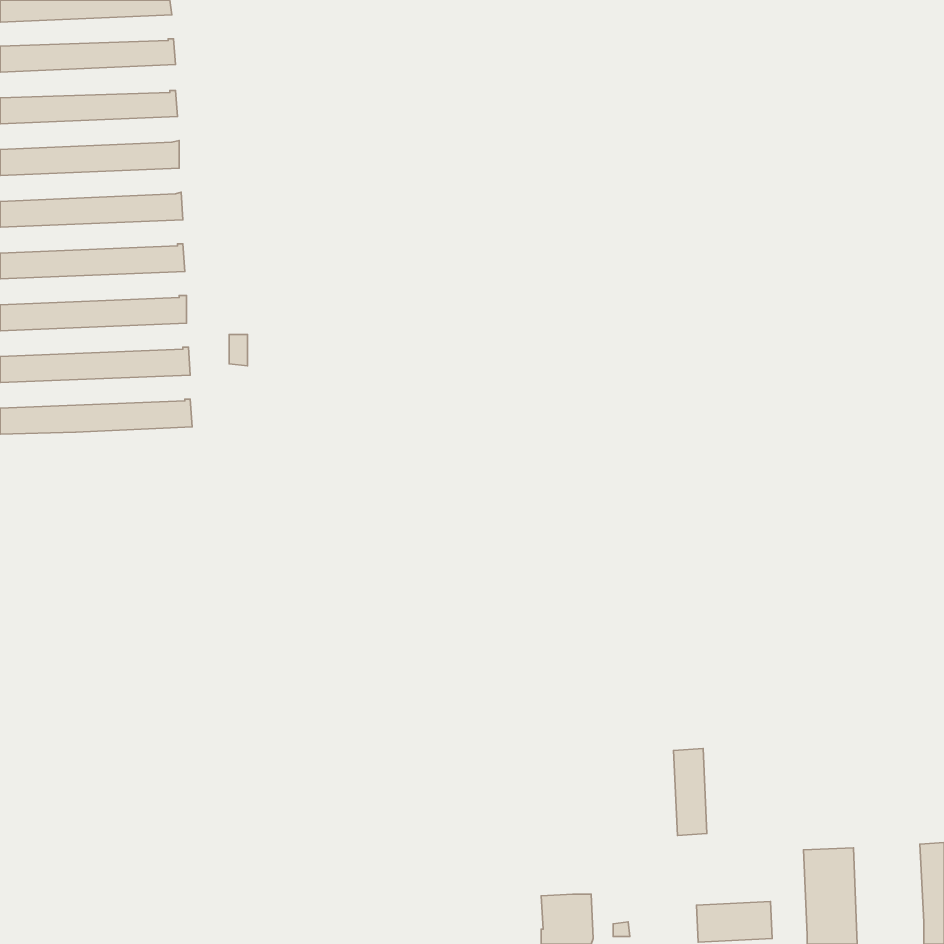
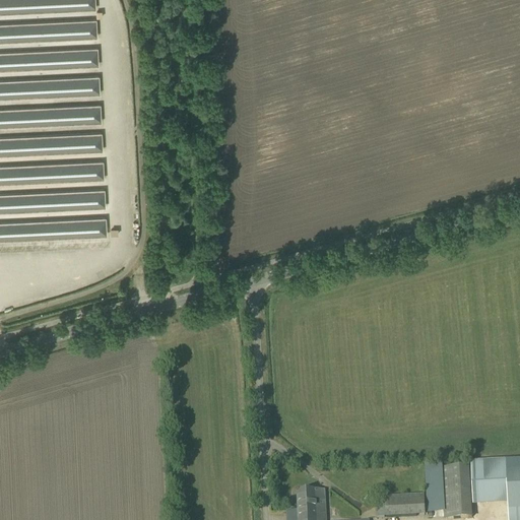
building: [674,749,707,835] -> [426,467,444,515]
building: none -> [473,464,508,508]

